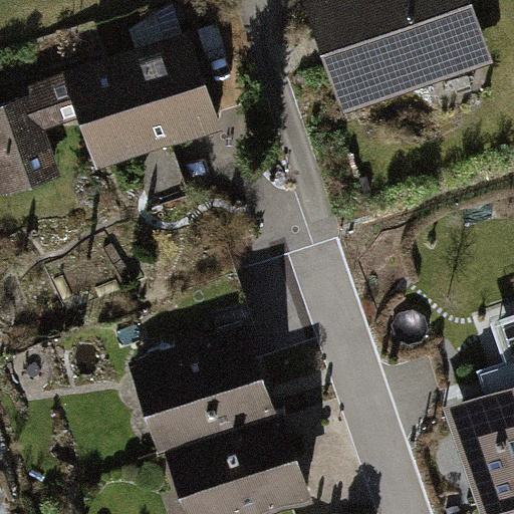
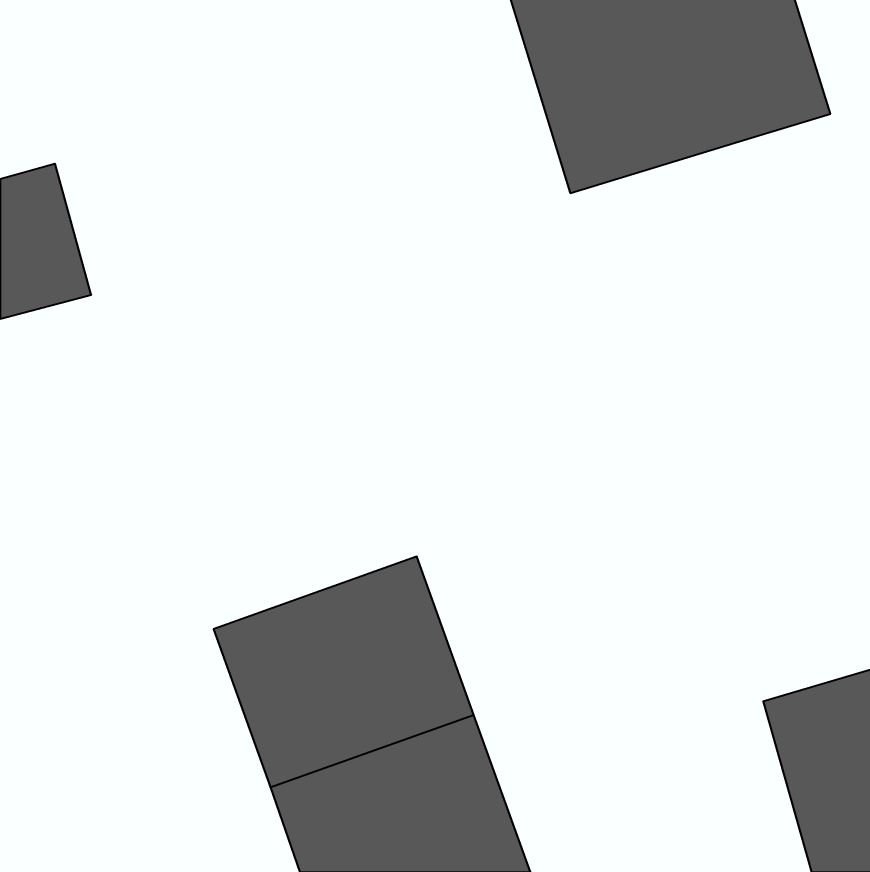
building: [67,37,222,174] -> none

